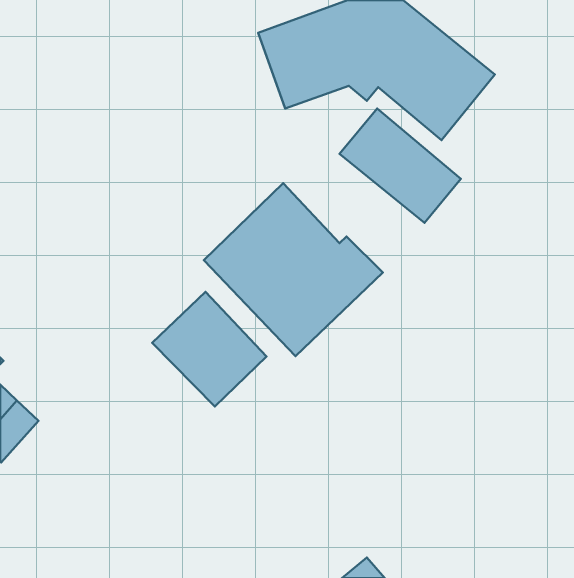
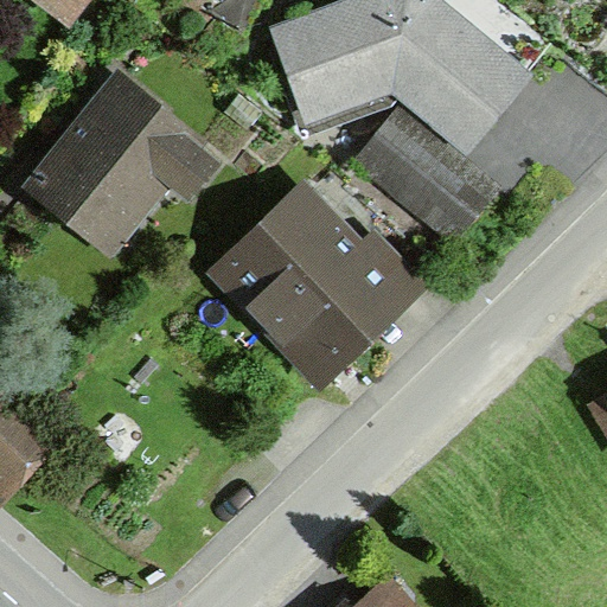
building: none -> [33,83,210,224]
building: [152,292,267,406] -> none

